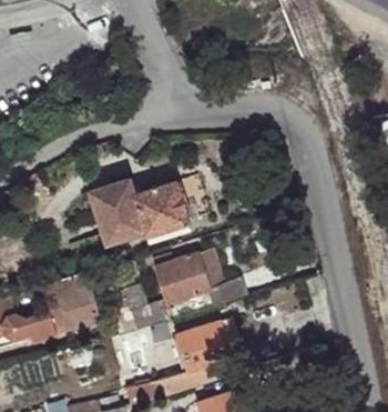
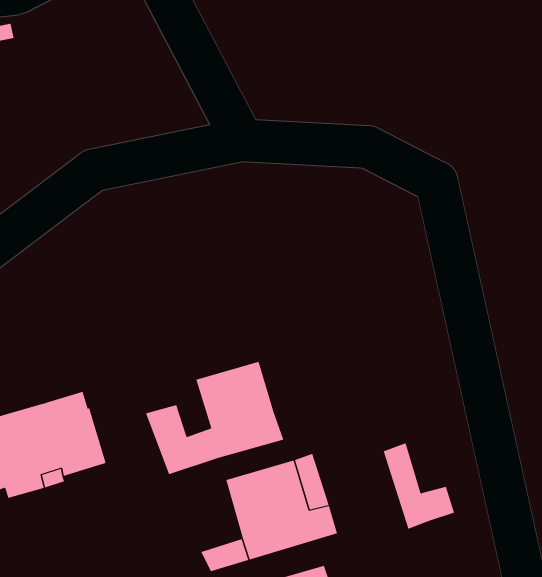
building: [89,181,191,244] -> none
building: [196,249,244,307] -> [383,443,455,530]

